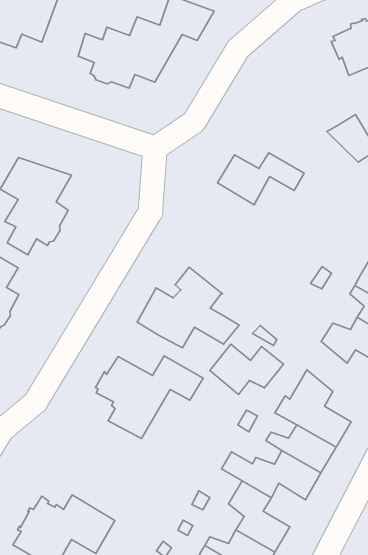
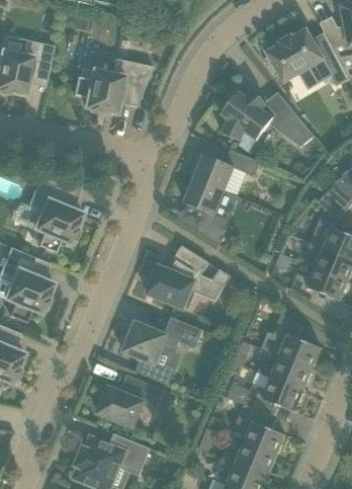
building: none -> [221,88,273,141]
building: none -> [184,177,227,244]
building: [210,344,283,395] -> none
building: none -> [97,374,164,427]

